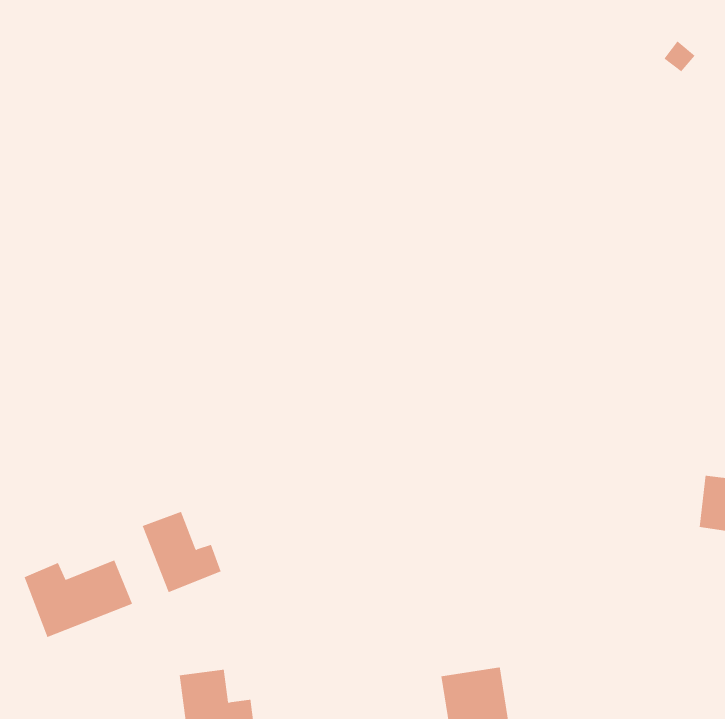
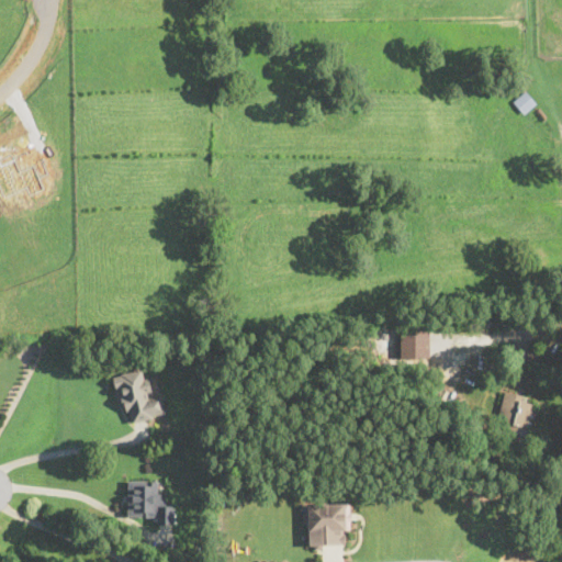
building: none -> [400,328,429,360]
building: [24,560,133,638] -> none

